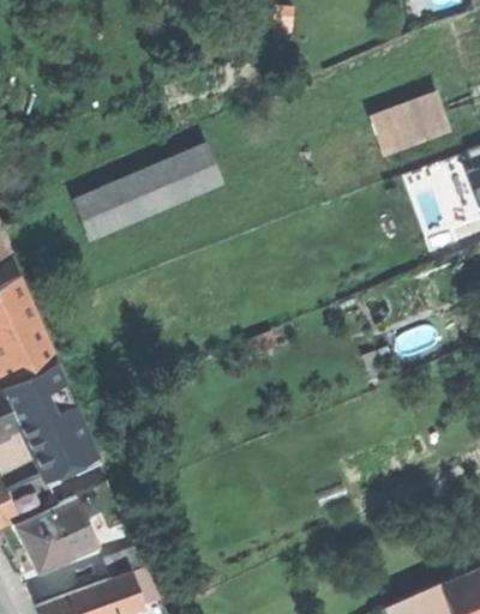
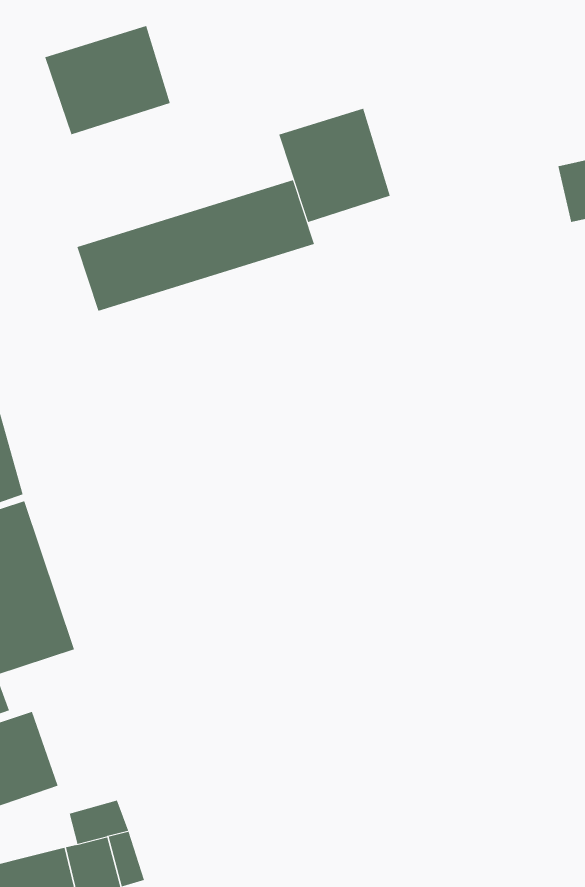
building: none -> [44,25,171,135]
building: none -> [278,108,390,223]

